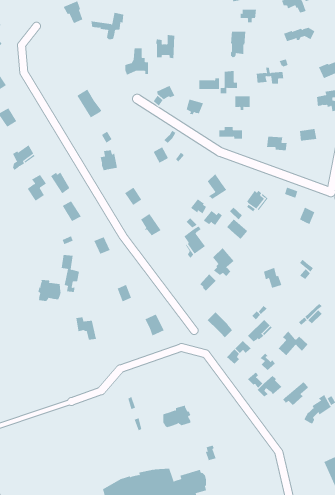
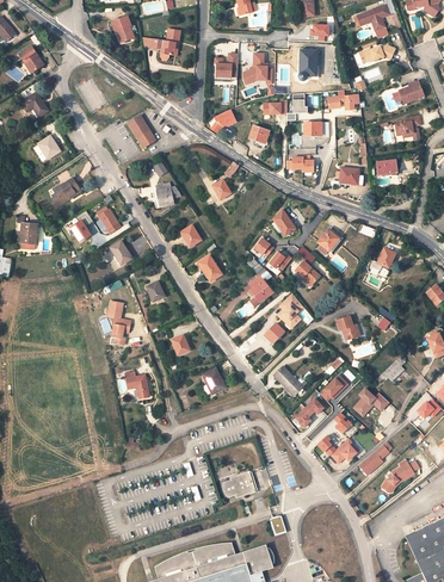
building: [124,48,149,75] -> [243,54,271,85]
building: [38,279,61,302] -> none

